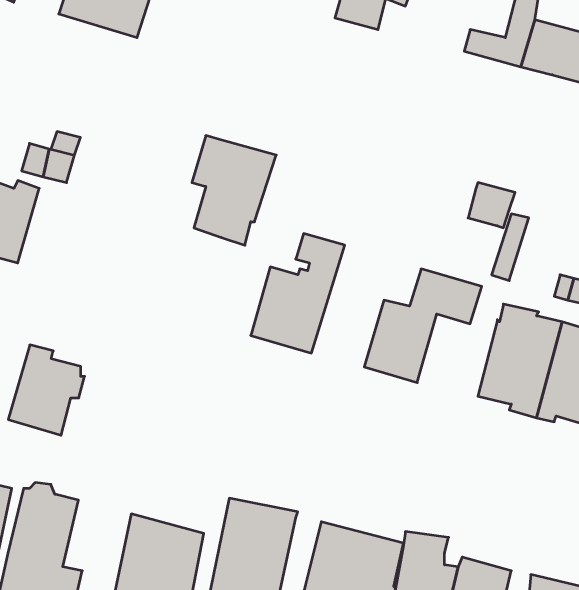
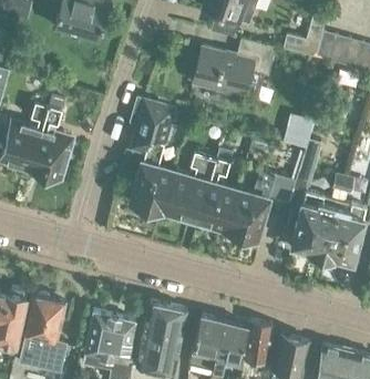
building: none -> [192,40,275,101]
building: none -> [132,156,173,212]
building: none -> [196,161,237,229]
building: [8,345,85,435] -> [30,129,73,180]

